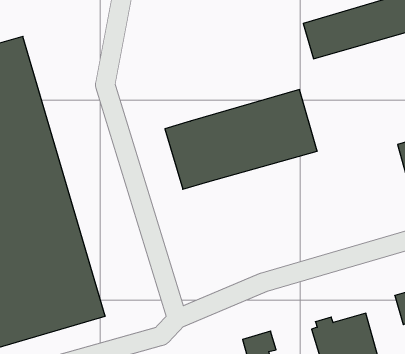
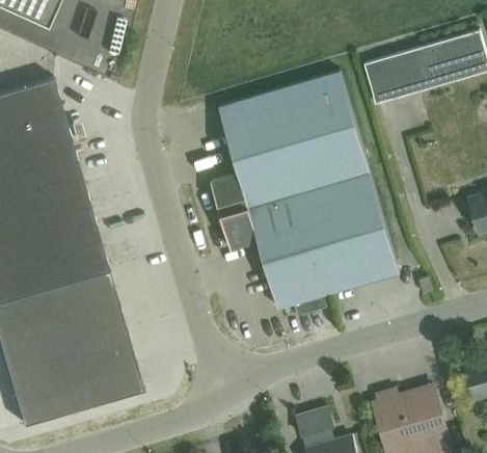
building: none -> [218,71,359,174]
building: none -> [258,207,399,309]

